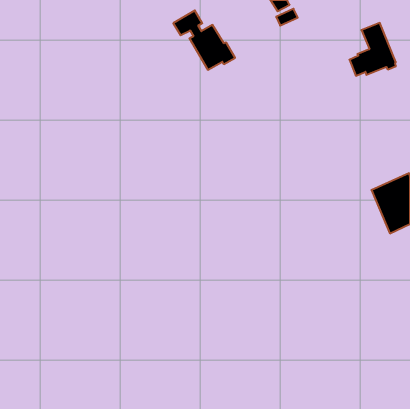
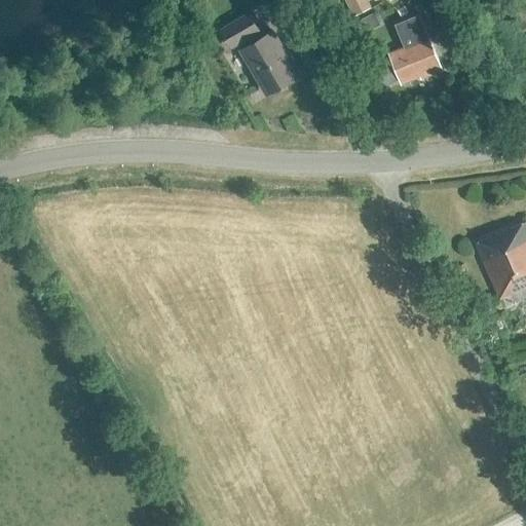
building: [349,23,396,76] -> [380,16,440,84]

